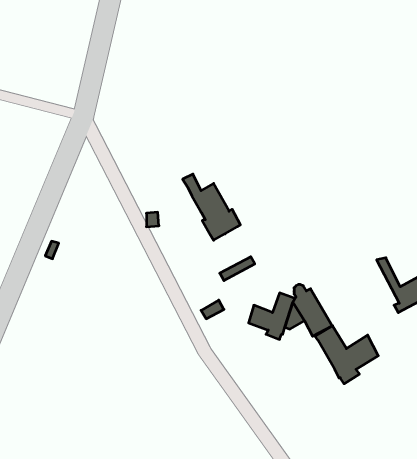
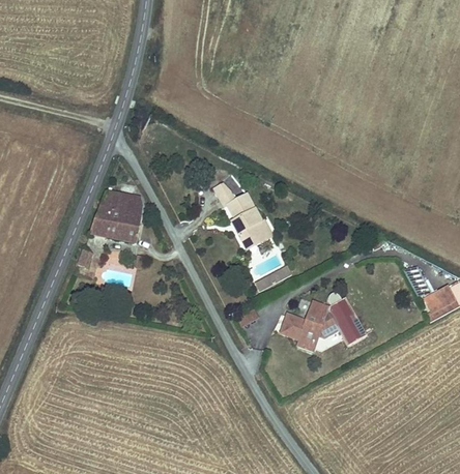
building: none -> [90,191,144,244]
building: [315,326,378,384] -> none

